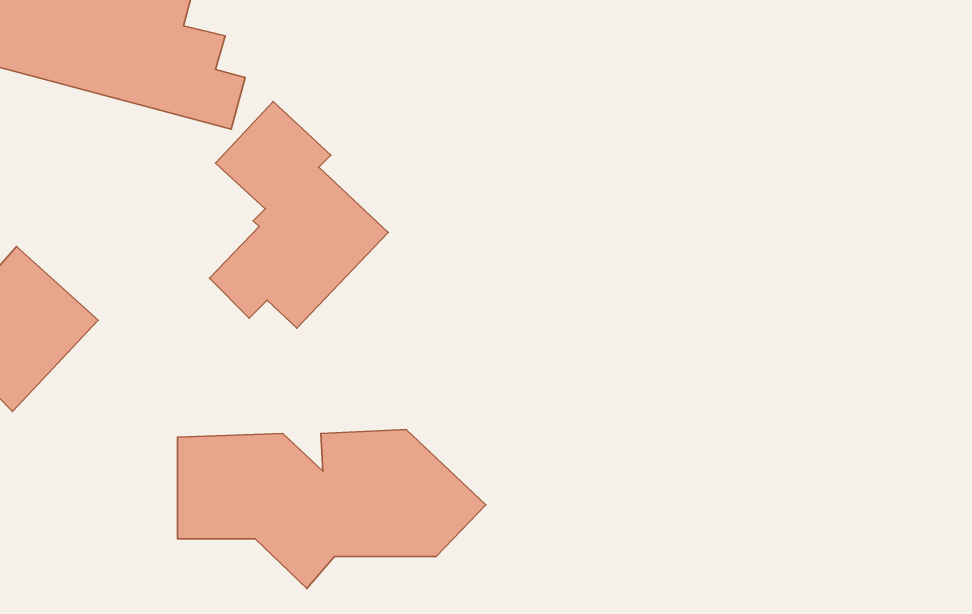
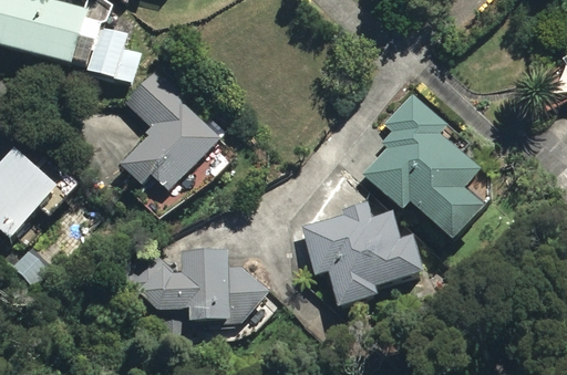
building: none -> [359,93,487,239]
building: none -> [301,200,426,309]

